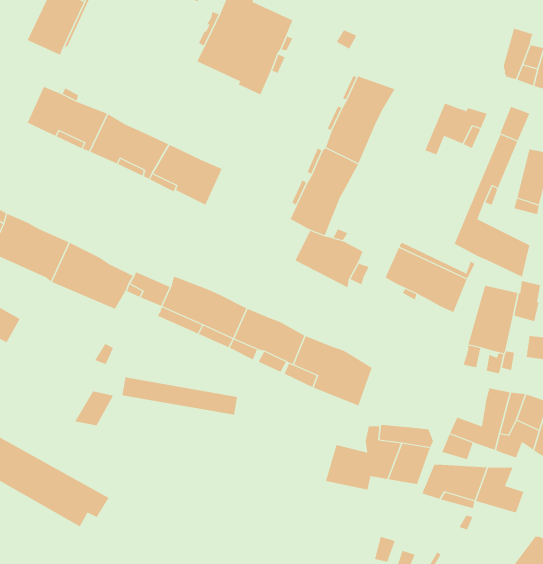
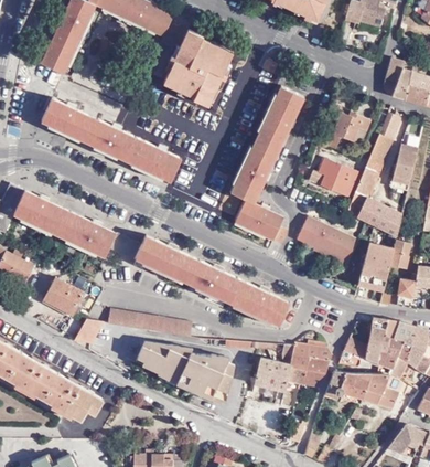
building: none -> [310,158,359,198]
building: none -> [46,276,85,312]
building: none -> [137,346,235,400]

